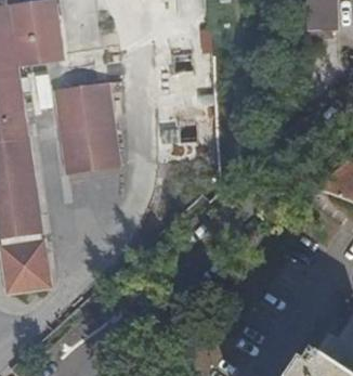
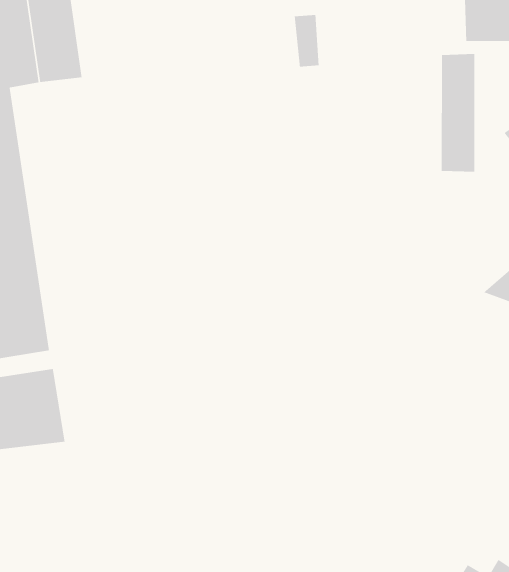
building: none -> [441,53,475,172]
building: [58,85,121,170] -> none

